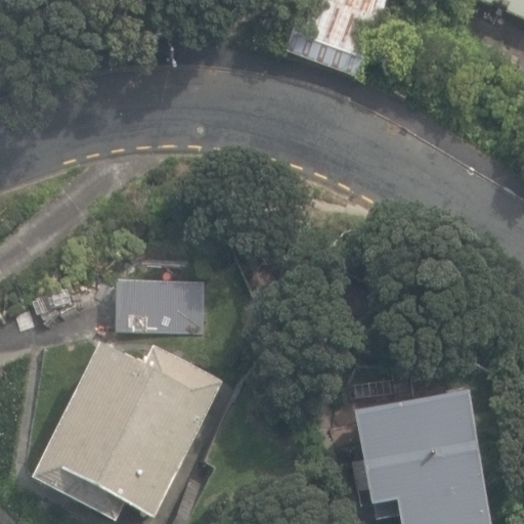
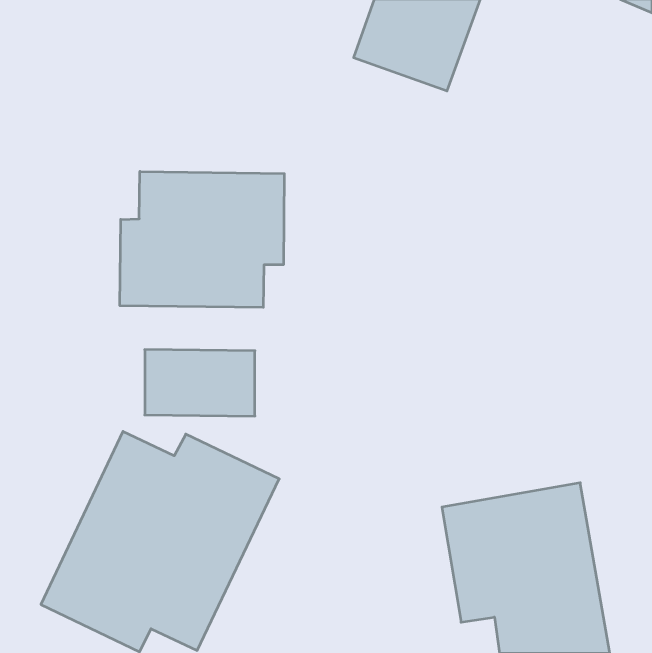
building: none -> [120,171,284,307]

